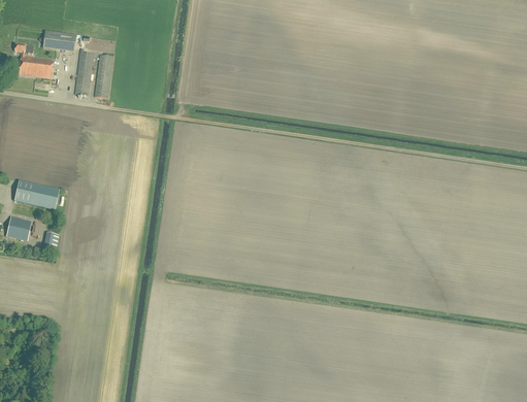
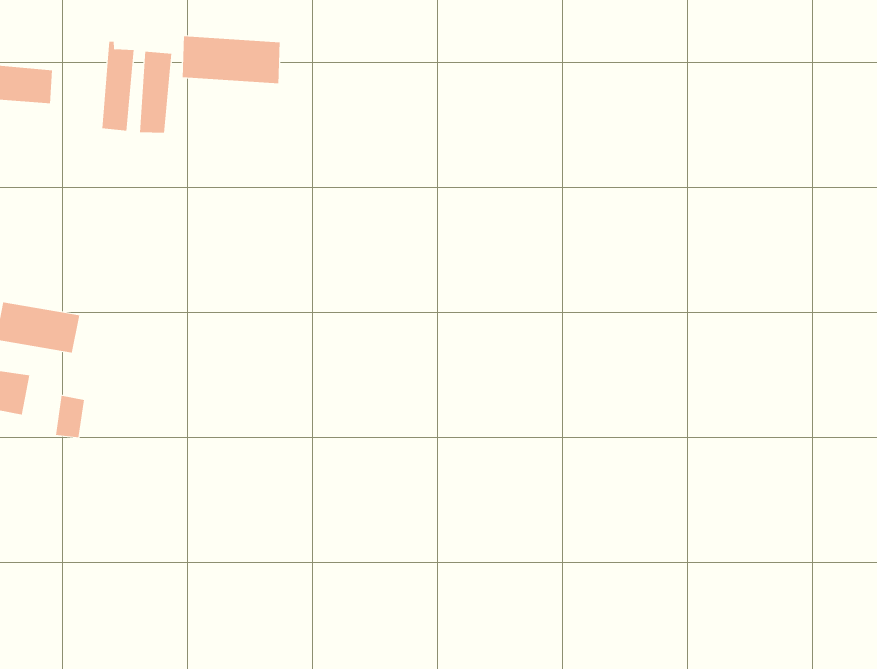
building: [43,31,76,52] -> none
building: none -> [182,35,280,84]

